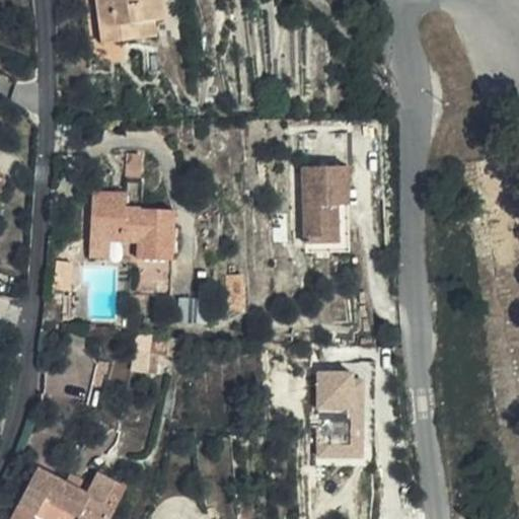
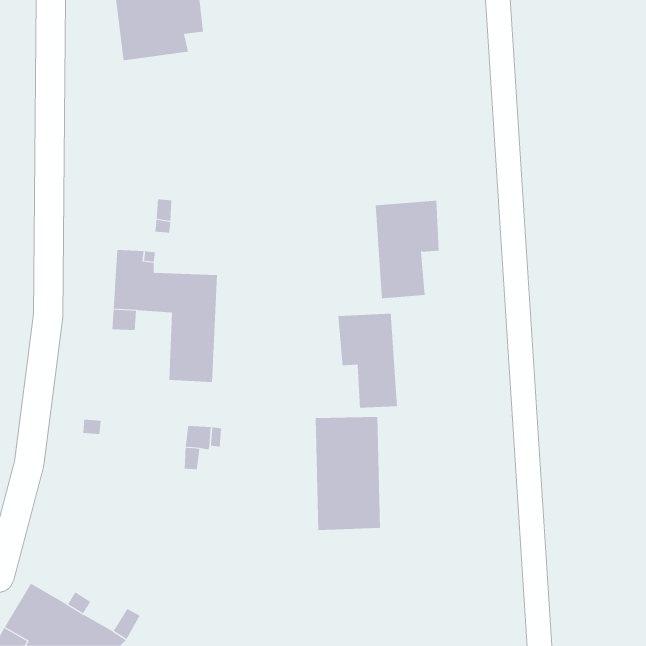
building: none -> [338,313,398,409]
building: [315,366,368,457] -> [315,417,381,531]

